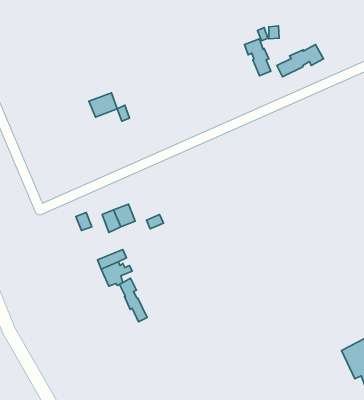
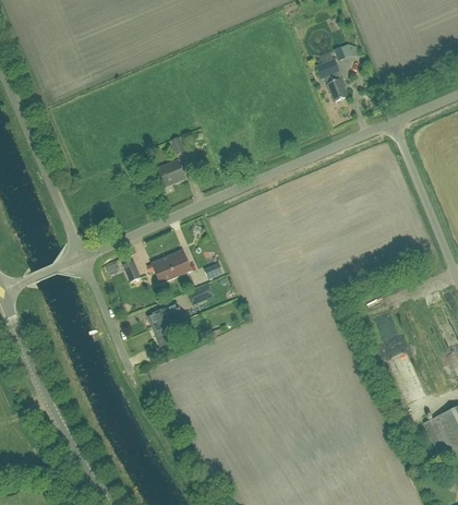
building: [277,45,324,77] -> none
building: [89,93,117,117] -> [154,159,186,188]
building: [120,278,147,322] -> none

